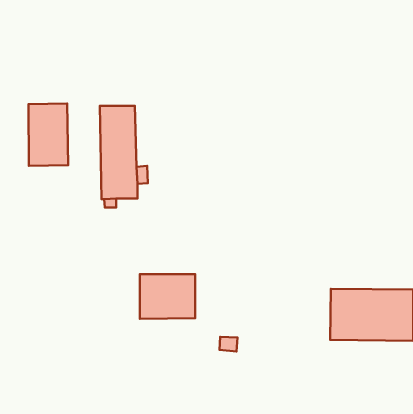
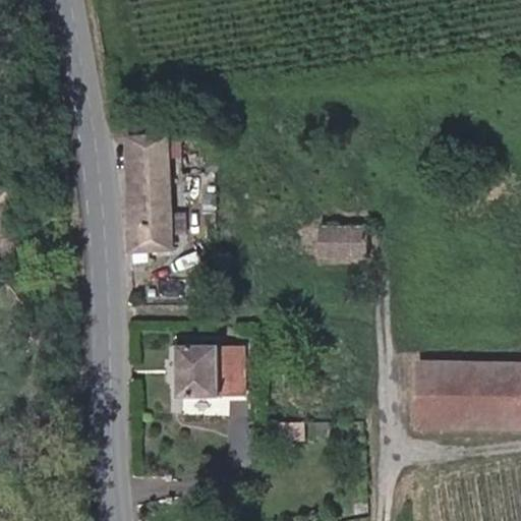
building: [28,104,68,166] -> none
building: none -> [319,227,367,256]

